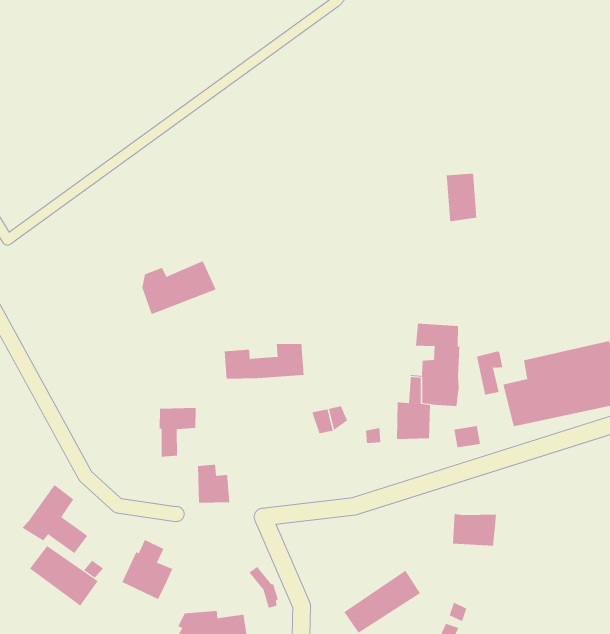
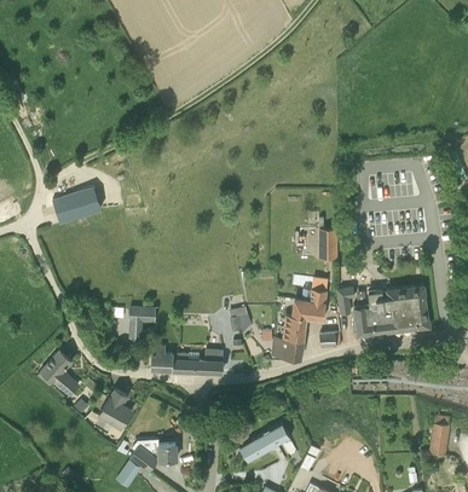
building: [446,173,477,222] -> [318,228,336,259]
building: [141,260,217,315] -> [44,196,92,228]
building: [224,343,304,379] -> [172,351,223,372]
building: [452,514,497,546] -> [273,337,304,360]
building: [29,545,98,607] -> none

